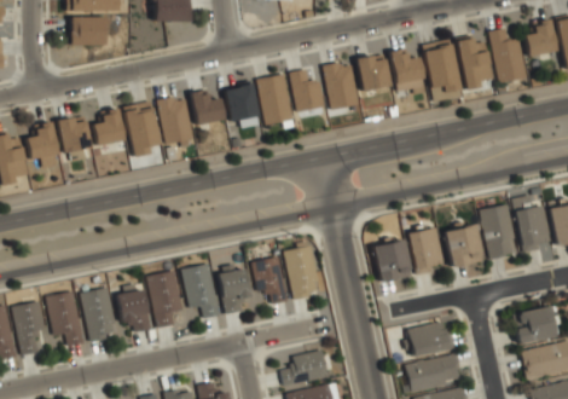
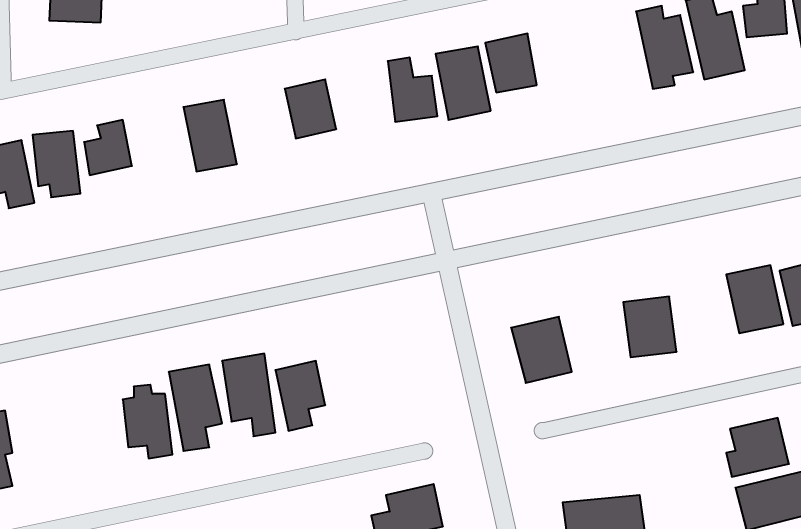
building: [424,40,460,102] -> none
building: [390,48,425,93] -> none
building: [257,74,295,126] -> none
building: [191,89,225,126] -> none
building: [123,102,161,157] -> none
building: [481,204,515,259] -> none
building: [408,227,445,274] -> none
building: [285,241,320,299] -> none
building: [254,256,288,305] -> none
building: [82,288,118,340] -> none
building: [48,291,85,346] -> none
building: [408,320,453,357] -> none

